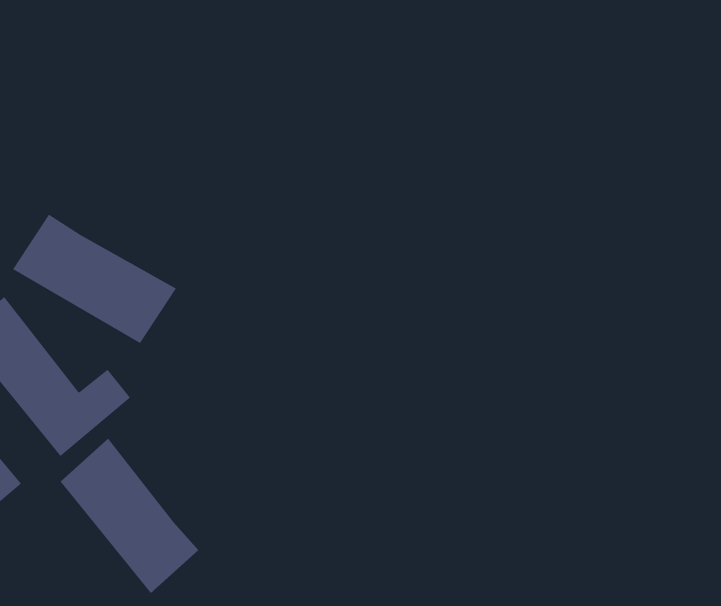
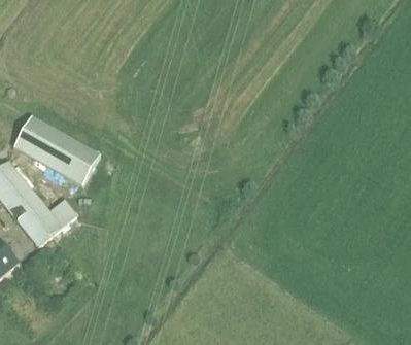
building: [60,438,199,594] -> none

